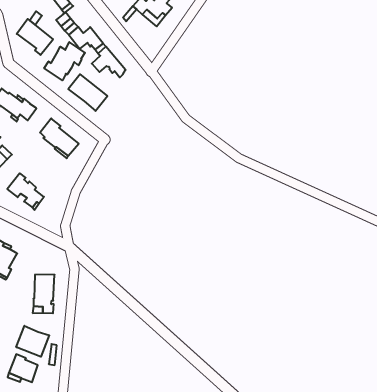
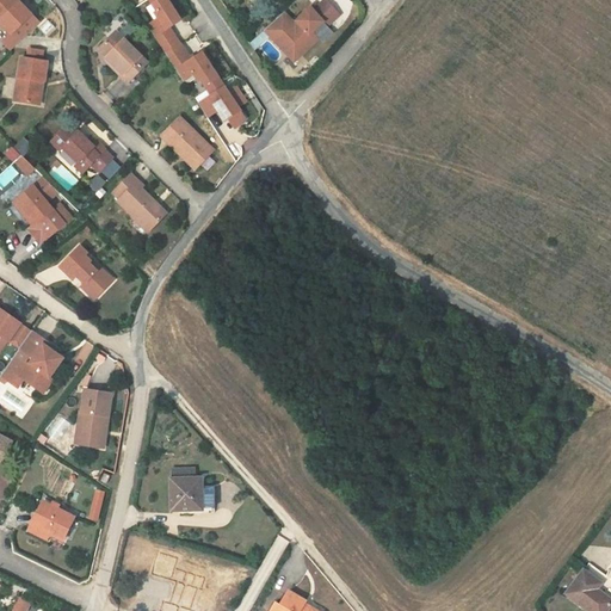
building: [44,42,85,80] -> none
building: none -> [169,468,203,511]
building: [16,326,49,357] -> none

